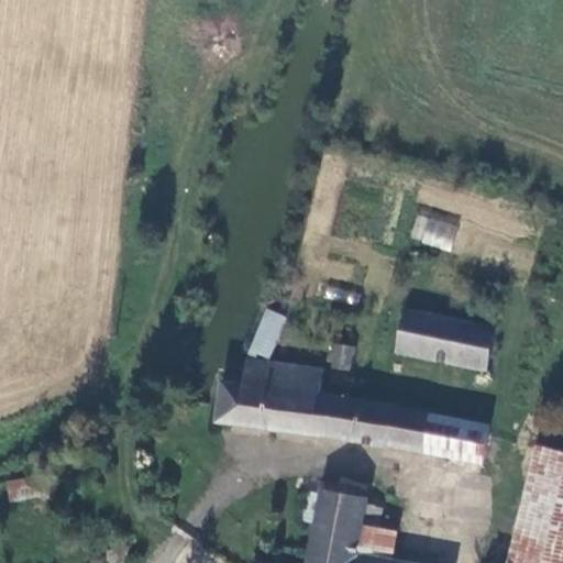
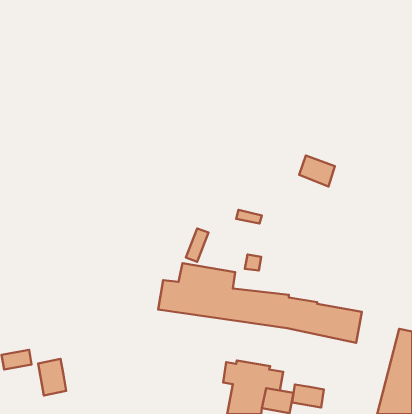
building: [397,310,494,368] -> none
building: none -> [38,359,66,396]
building: none -> [292,384,324,408]

